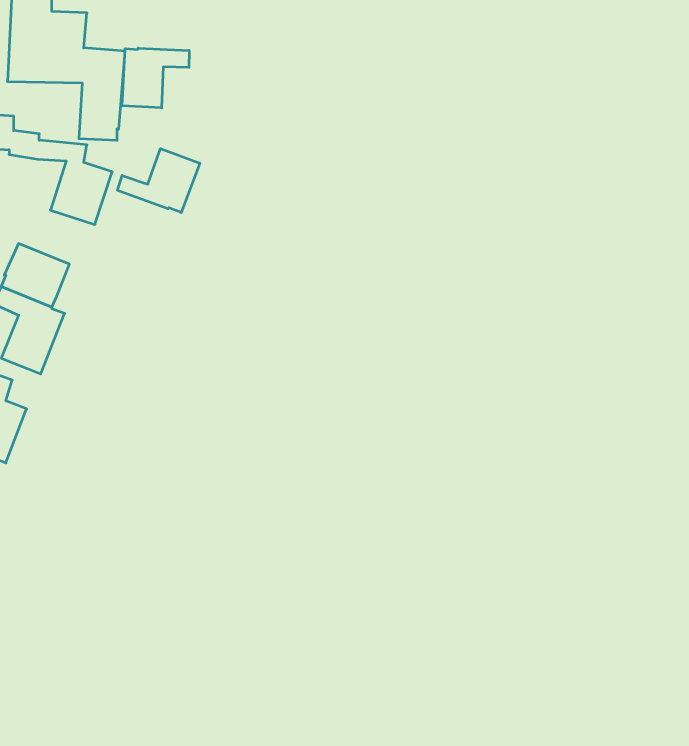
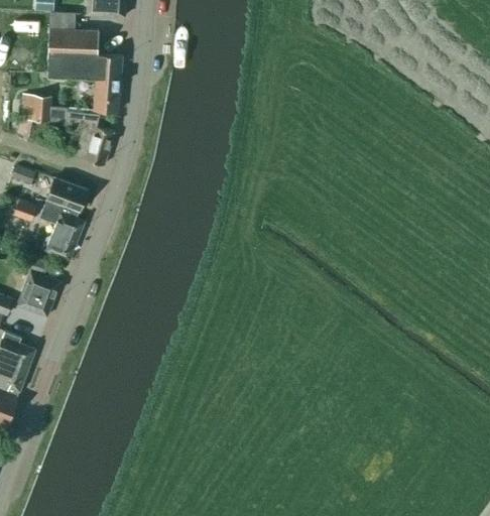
building: [122,48,189,108] -> none
building: [118,149,200,213] -> none

